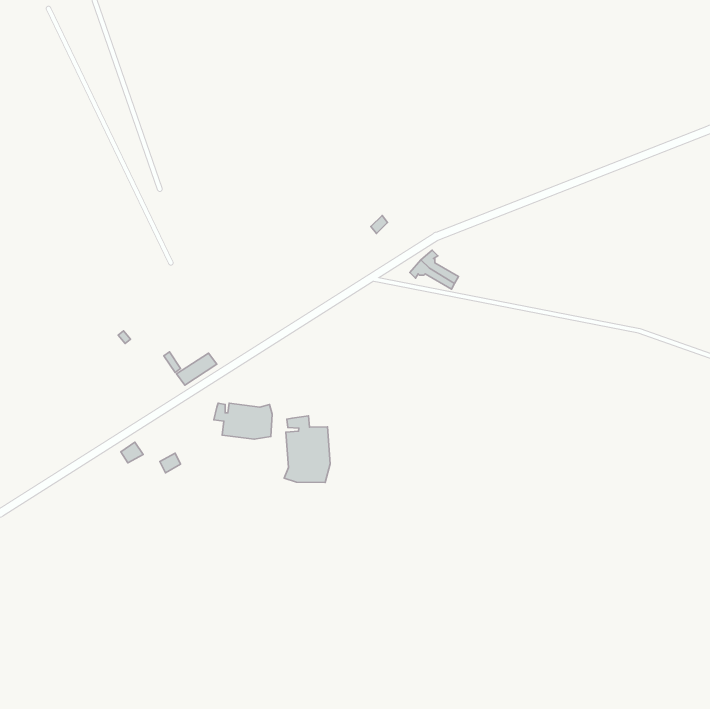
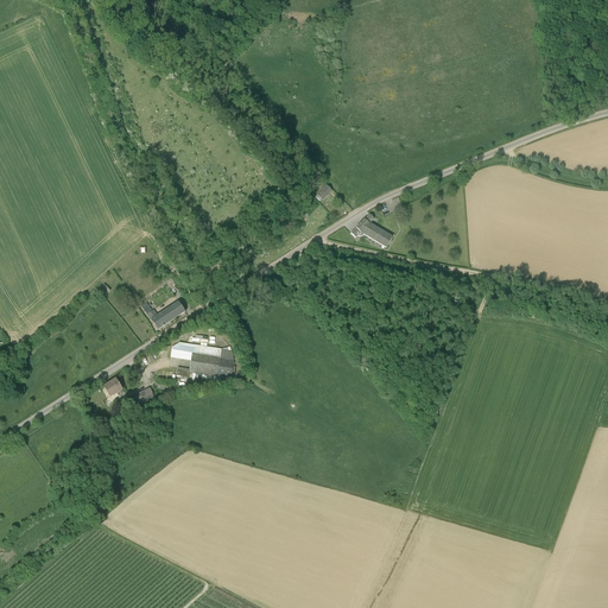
building: [284,416,330,483] -> none

